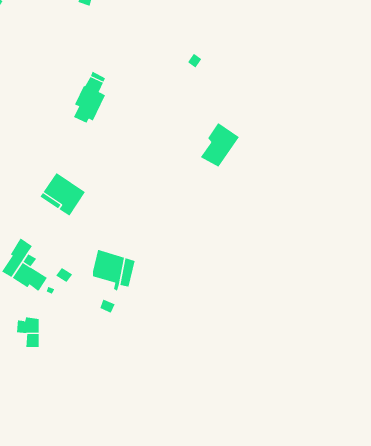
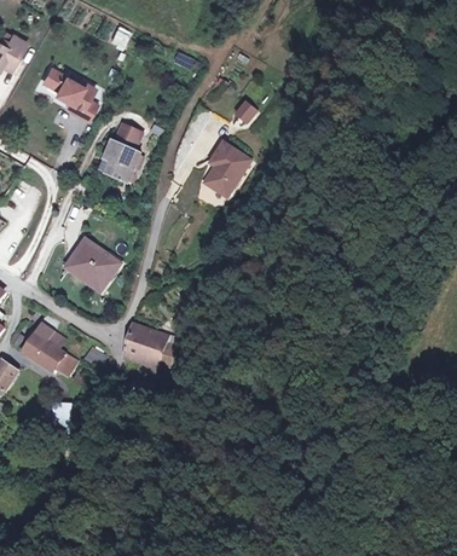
building: none -> [44,66,96,120]
building: [200,122,240,168] -> [203,140,249,192]

